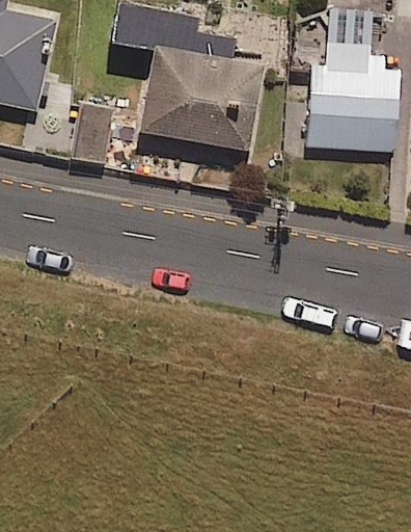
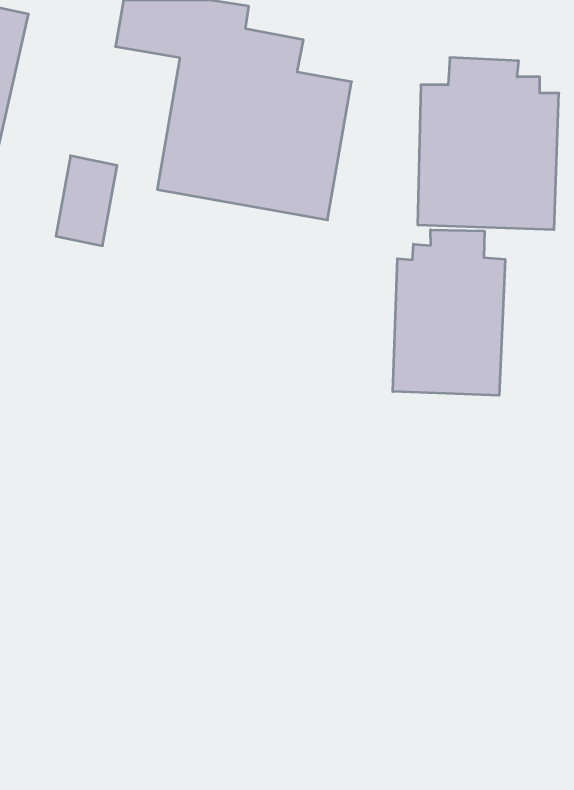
building: none -> [393,230,505,395]

